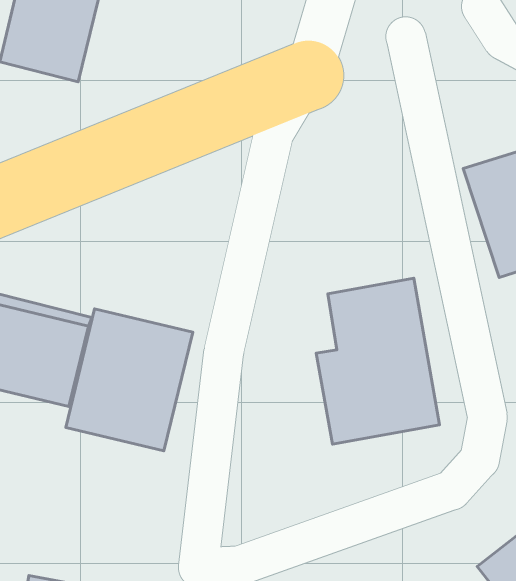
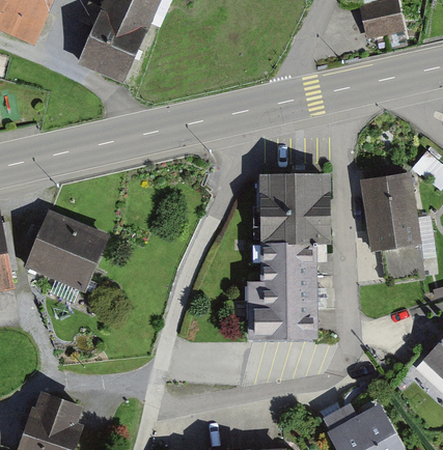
building: none -> [259,173,330,245]
building: [66,309,193,451] -> none

